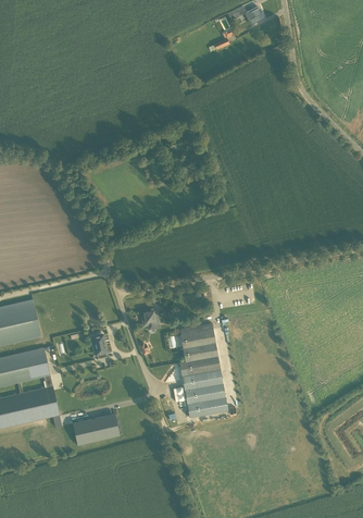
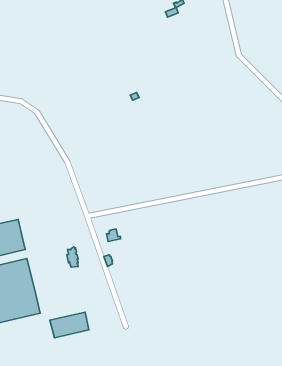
building: [178,323,227,418] -> none

